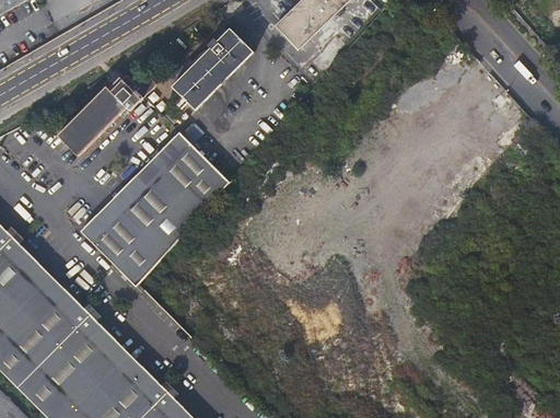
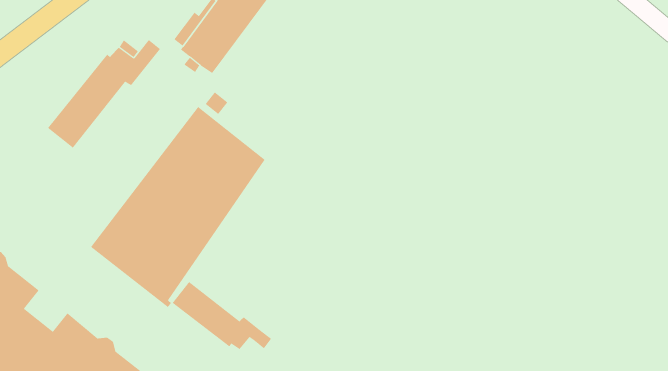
building: [25,264,58,297] -> none
building: none -> [172,281,272,350]

